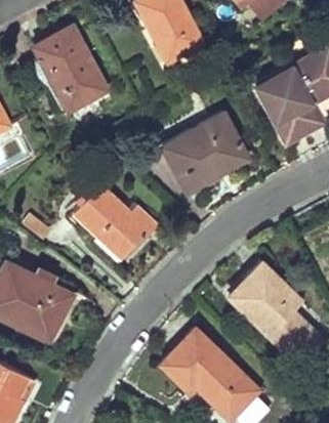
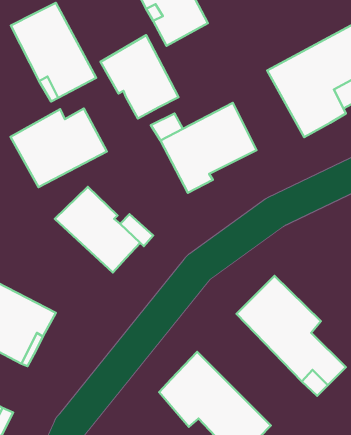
building: none -> [101,35,179,118]
building: none -> [11,108,107,187]

